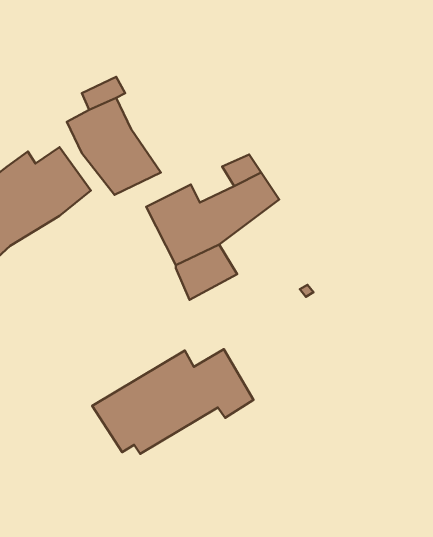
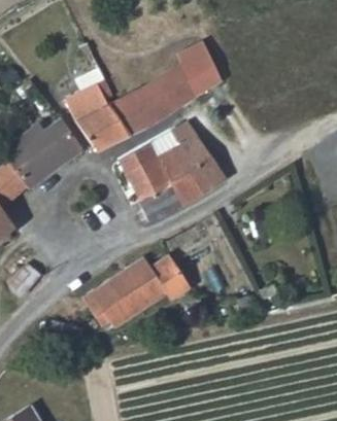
building: none -> [107,49,222,134]
building: none -> [168,152,227,206]

